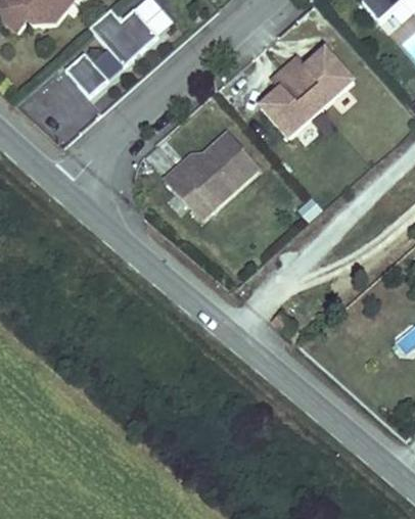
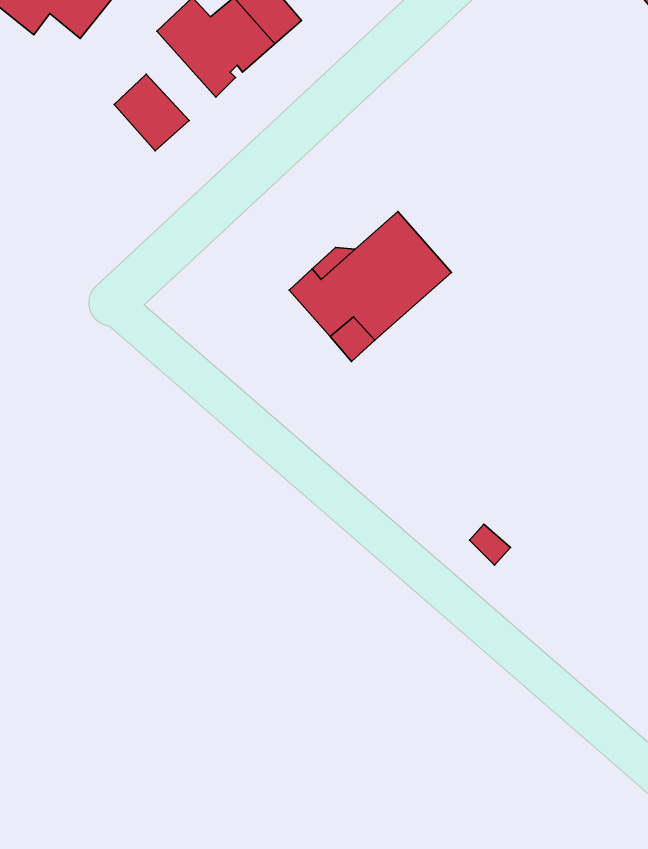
building: [261,47,354,136] -> none

